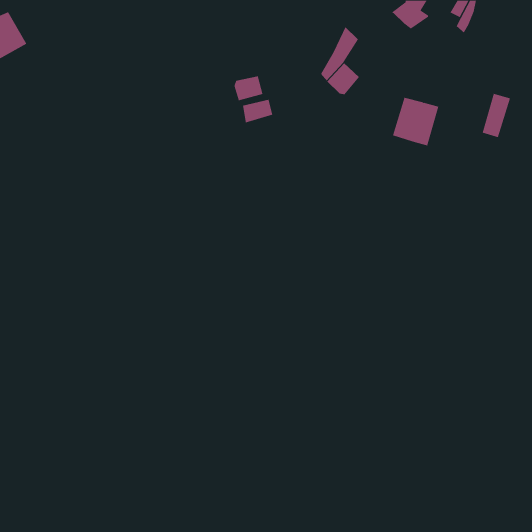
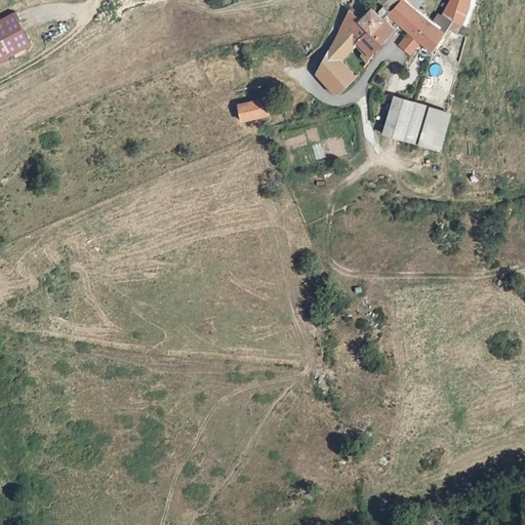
building: none -> [339,9,392,65]
building: none -> [399,16,444,54]
building: [234,76,263,101] -> none
building: [482,93,511,138] -> [420,106,449,150]

